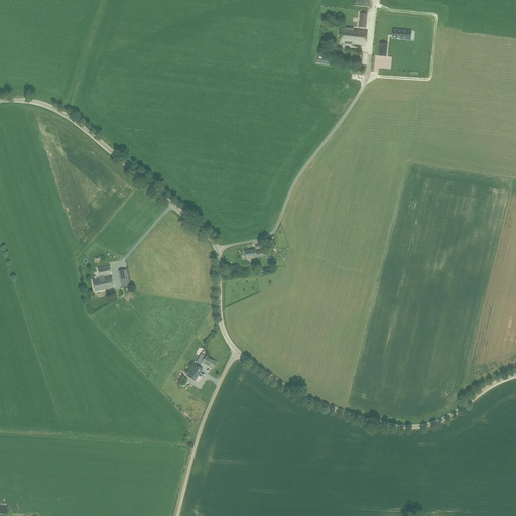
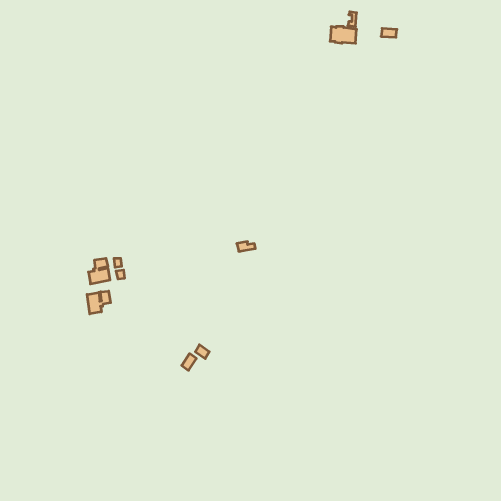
building: none -> [87,291,111,314]

